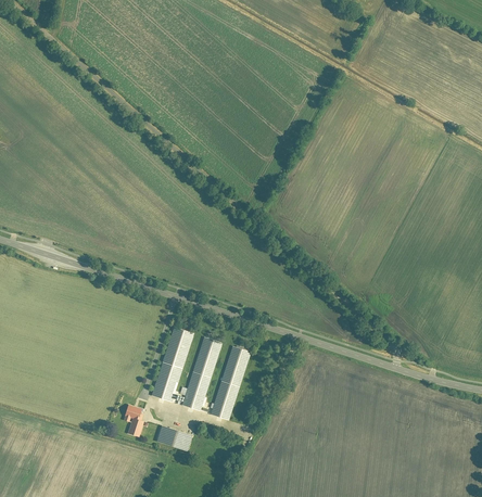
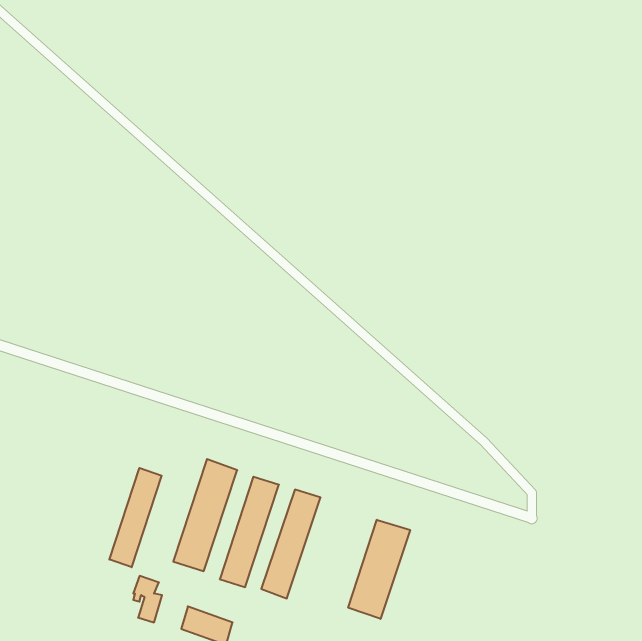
building: none -> [109,468,162,567]
building: none -> [348,520,410,619]

